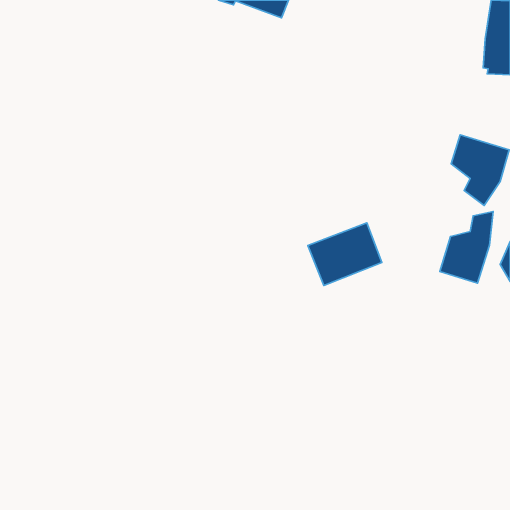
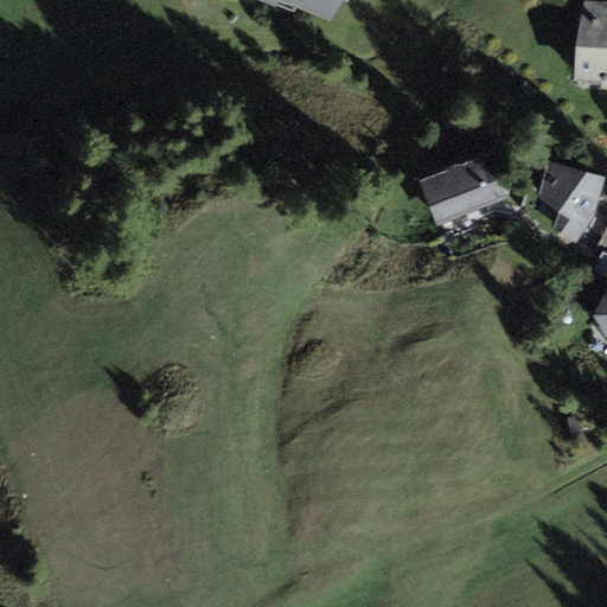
building: [440,211,493,283] -> none
building: [308,223,382,286] -> [418,151,506,225]

